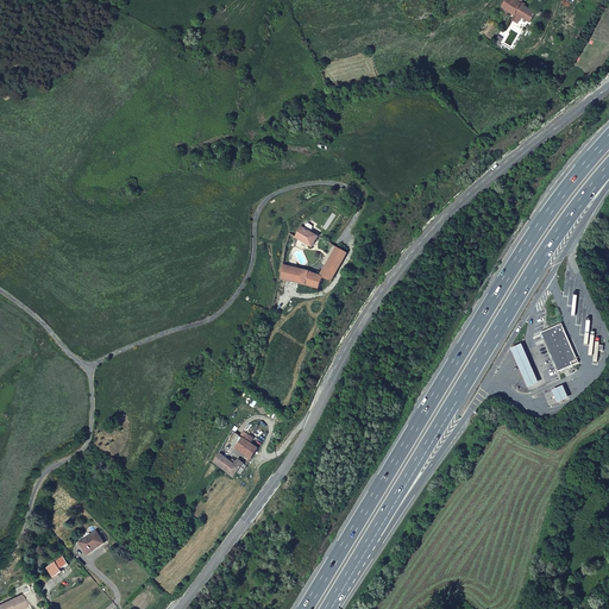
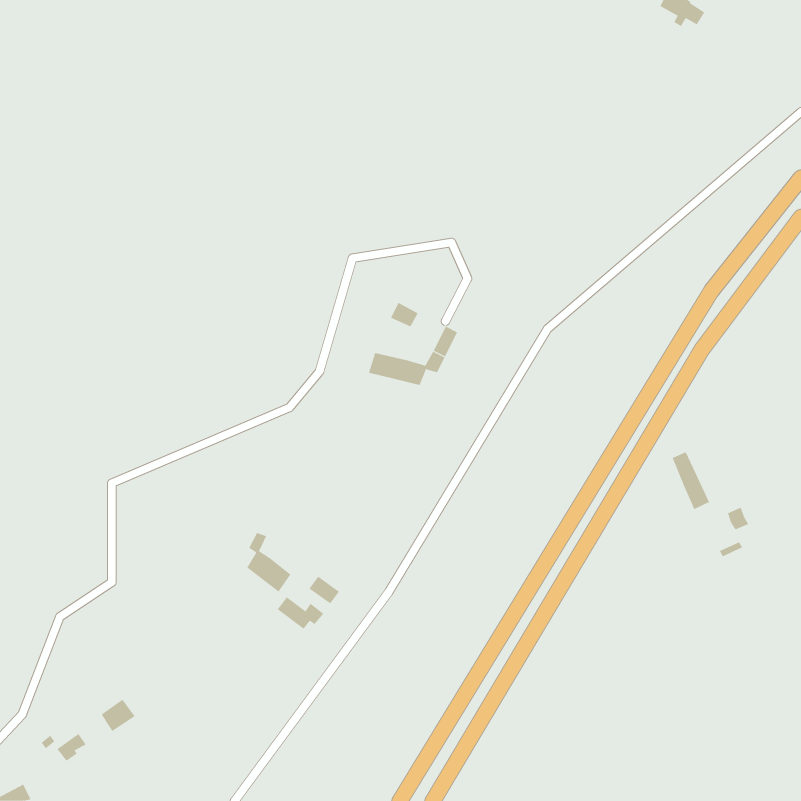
building: [538,321,576,370] -> none
building: none -> [246,532,291,592]

